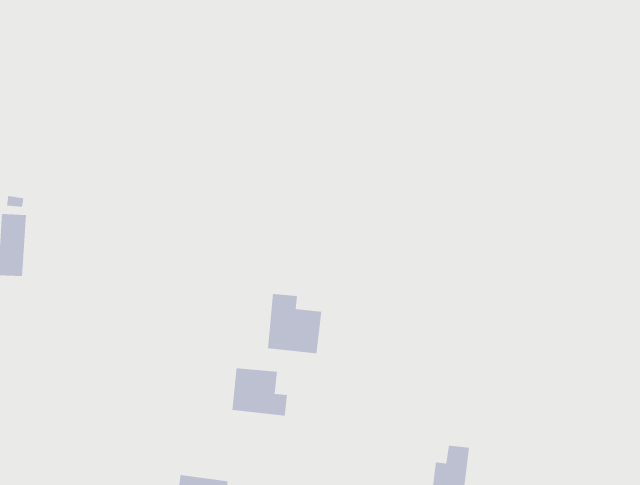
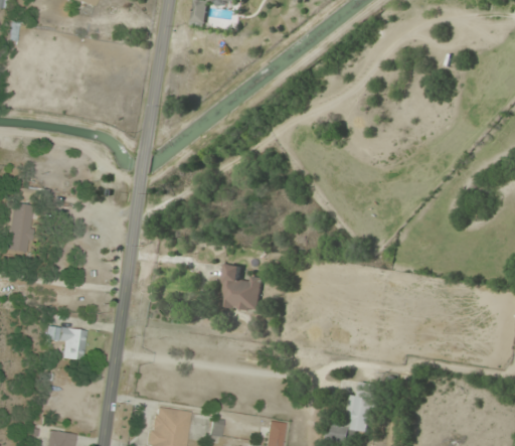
building: [232,368,288,417] -> none
building: none -> [46,325,87,361]

